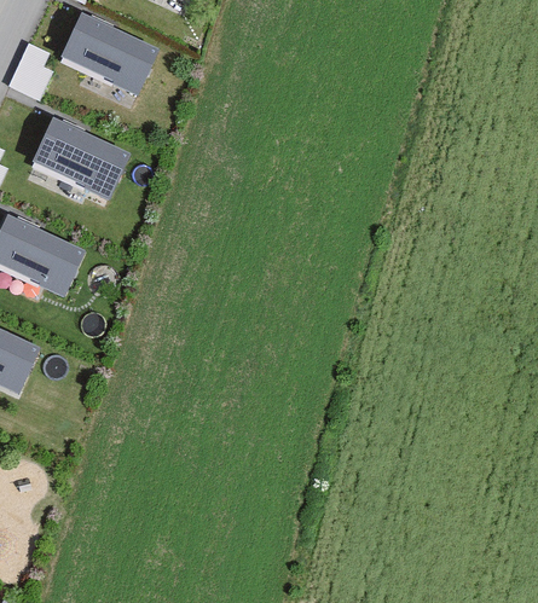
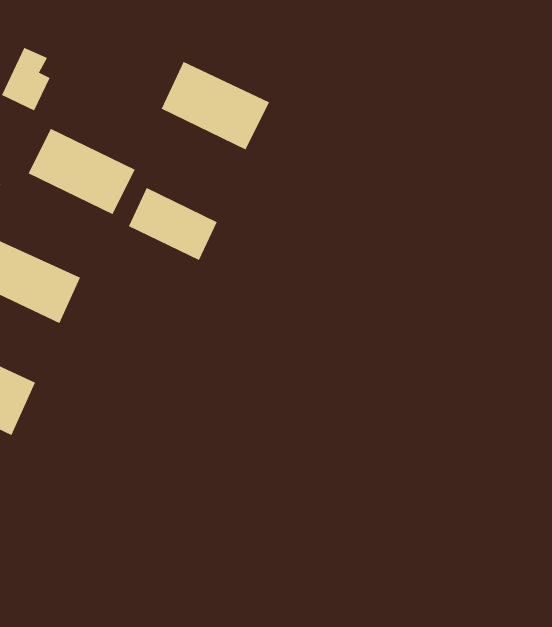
building: [60,11,160,92] -> [161,61,270,150]
building: none -> [128,187,218,261]

